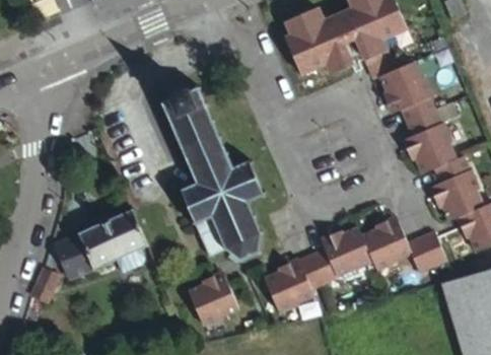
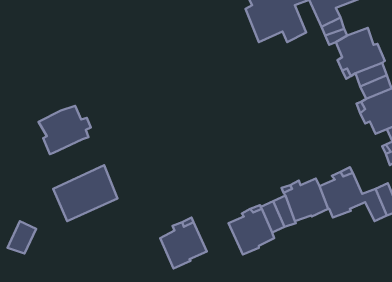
building: [160,86,262,259] -> none
building: none -> [39,106,91,154]
building: [55,236,94,281] -> none

